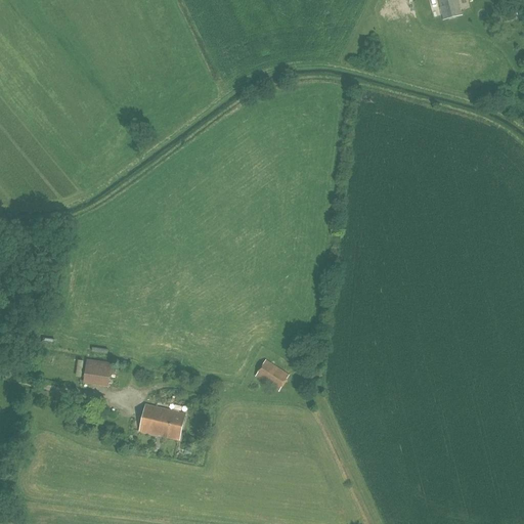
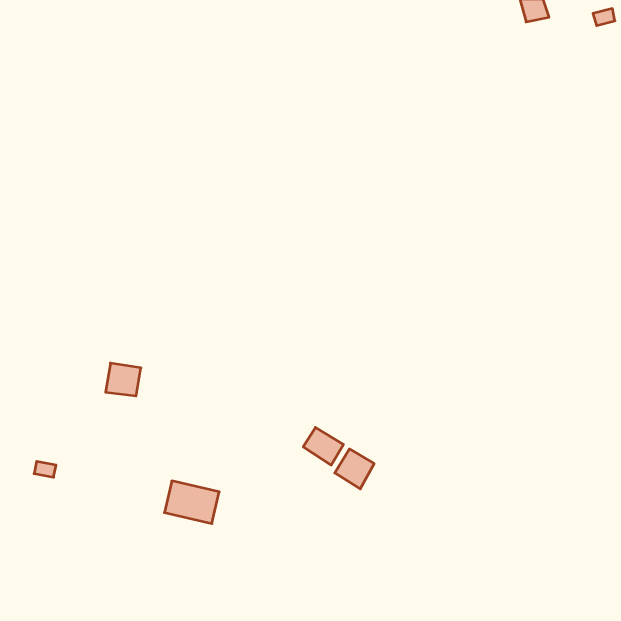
building: [82,358,112,386] -> [106,363,141,396]
building: none -> [335,449,374,489]

